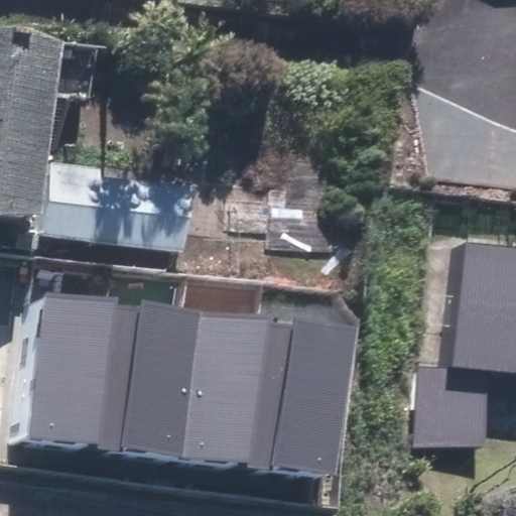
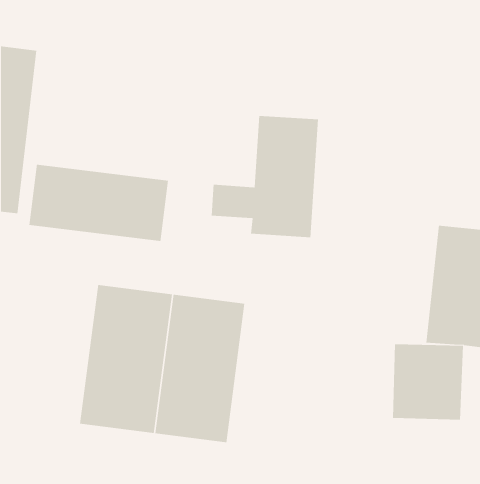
building: [14,290,111,447] -> none
building: [248,320,341,478] -> none

